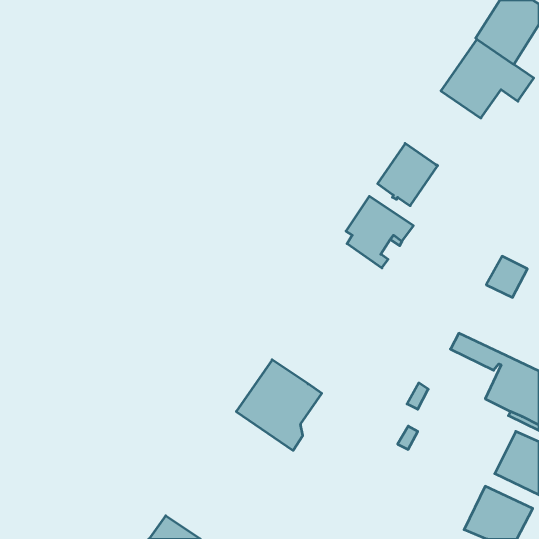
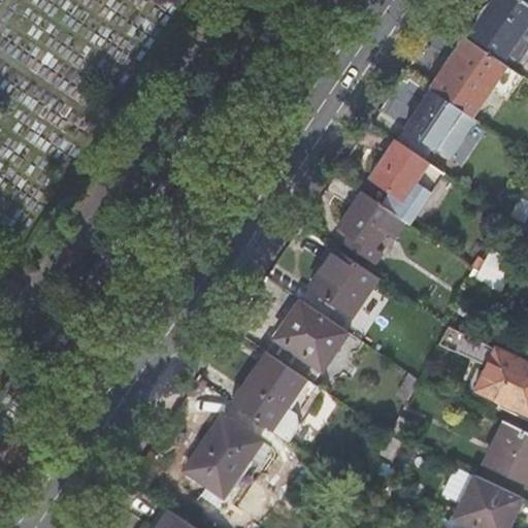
building: none -> [396,89,477,161]
building: none -> [308,249,377,315]
building: none -> [266,300,346,375]
building: none -> [184,416,260,503]

